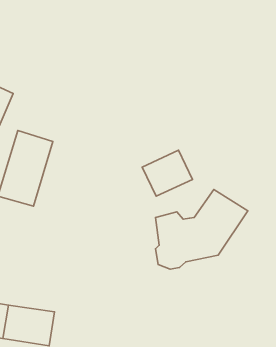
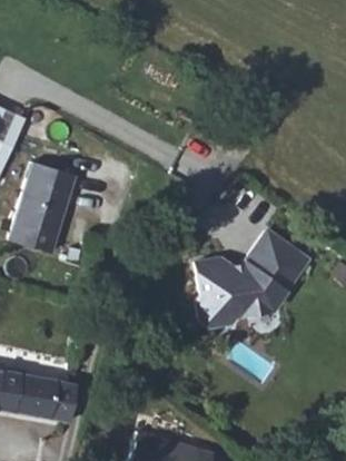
building: [142,150,193,196] -> none

